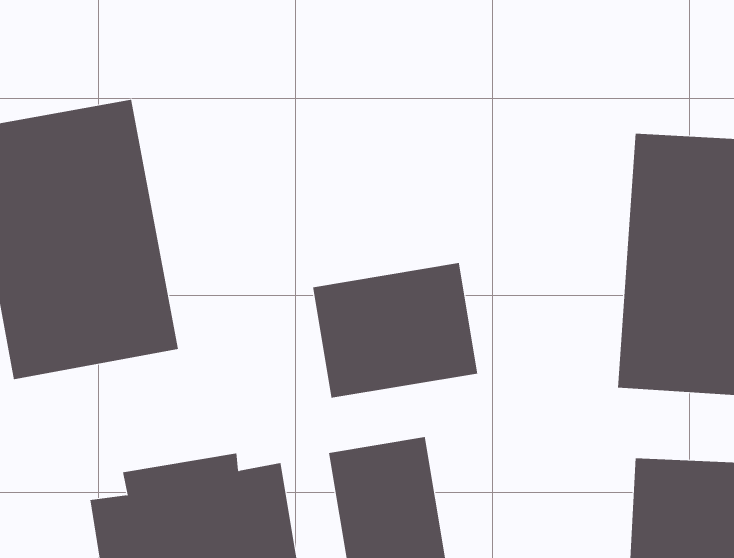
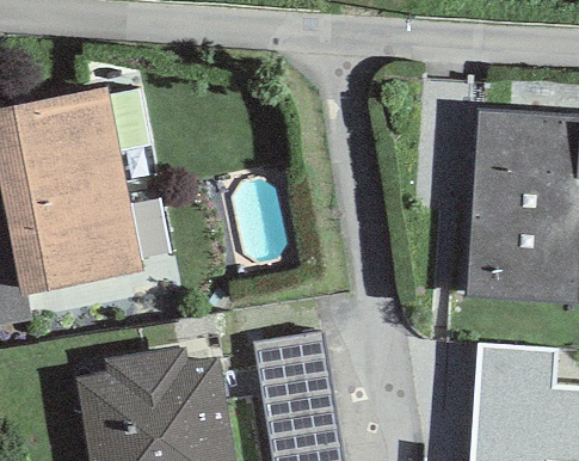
building: [313,262,478,398] -> none

